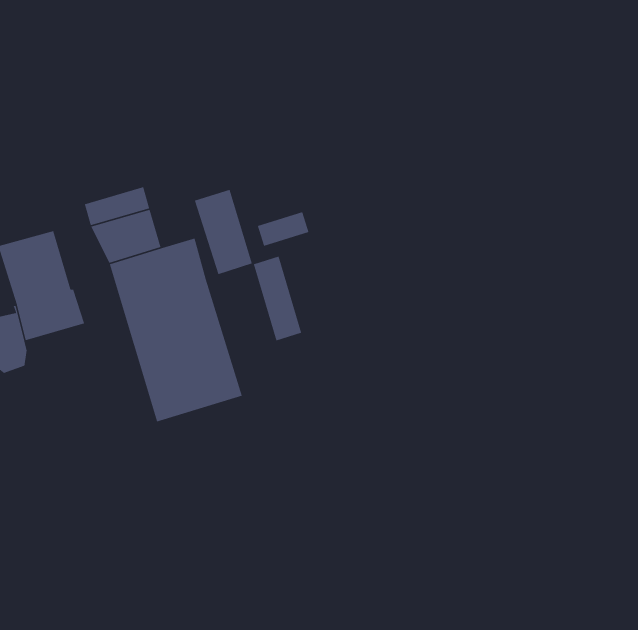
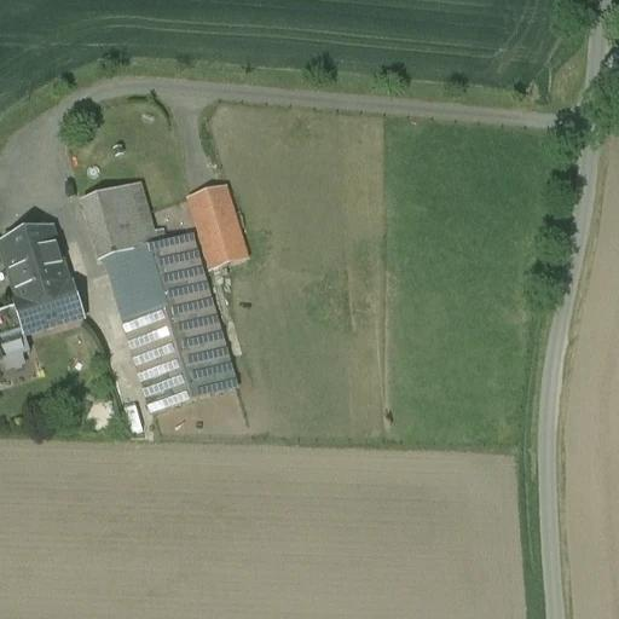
building: [257,211,310,247] -> none
building: [253,255,302,341] -> none

